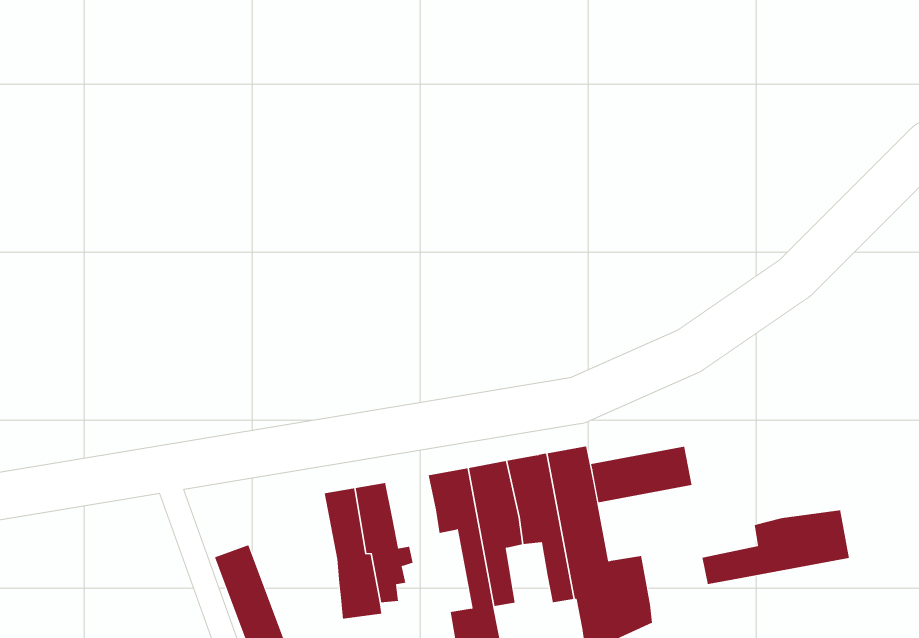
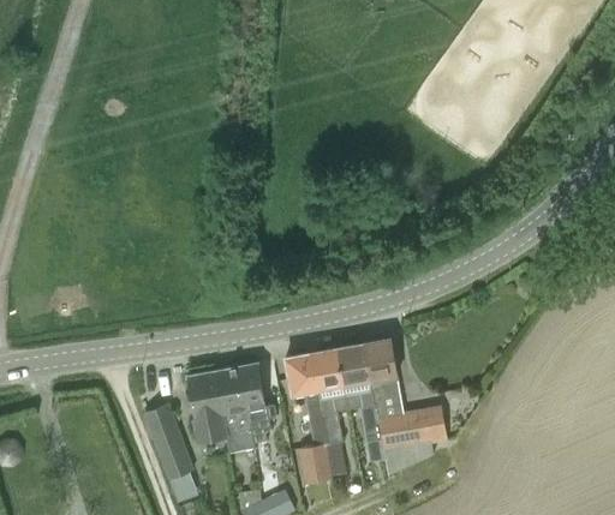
building: [591,446,692,503] -> none
building: none -> [186,370,227,443]
building: [702,509,849,585] -> none

